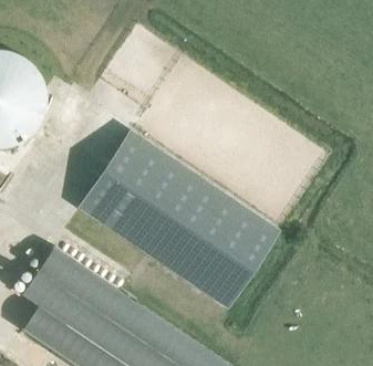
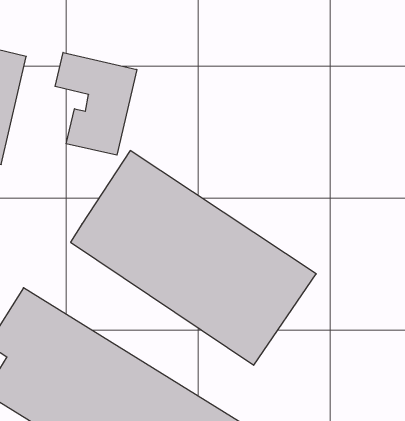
building: none -> [55,52,137,155]

